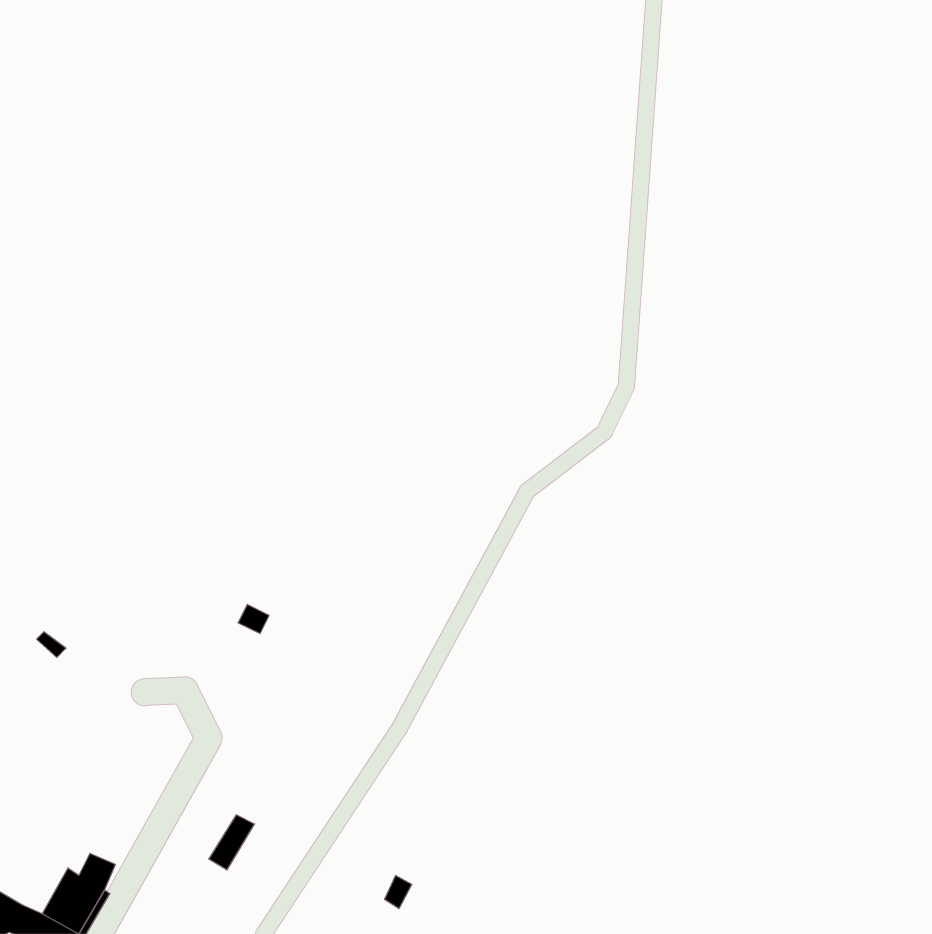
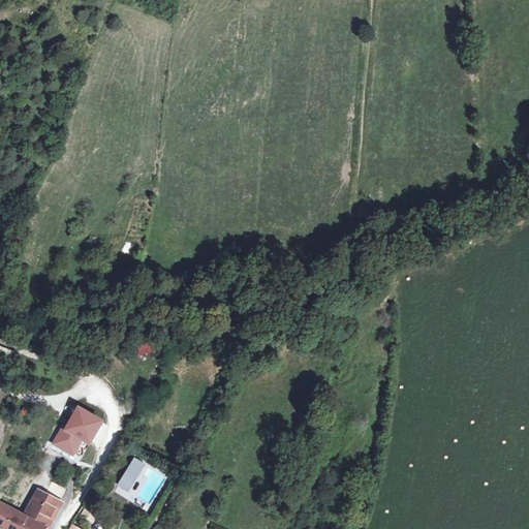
building: none -> [55,408,101,454]

